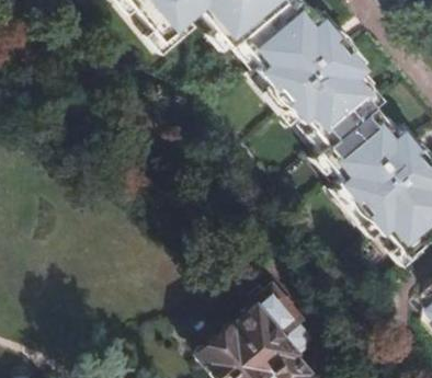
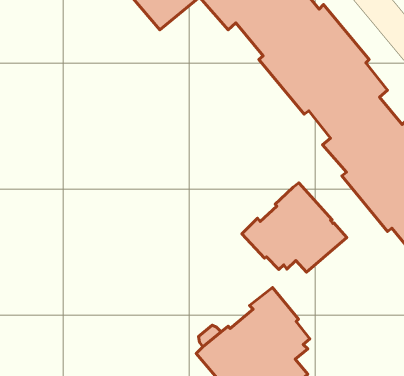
building: none -> [242,183,347,272]

